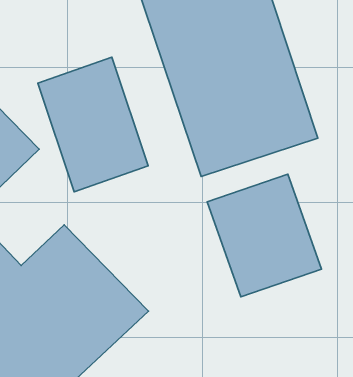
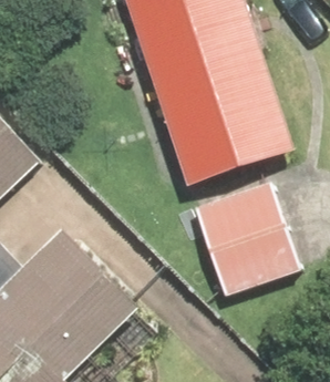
building: [38,57,148,192] -> none

